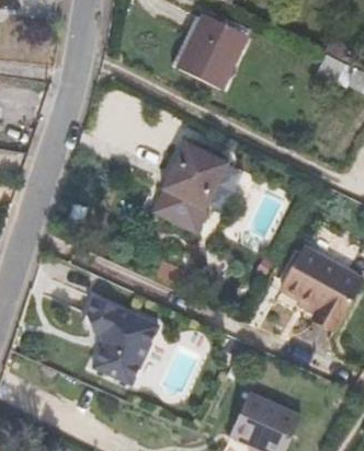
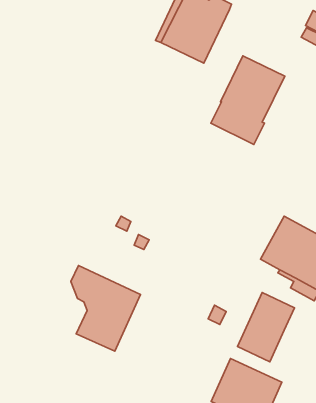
building: [153,141,229,232] -> [211,56,285,145]
building: none -> [237,293,295,362]

